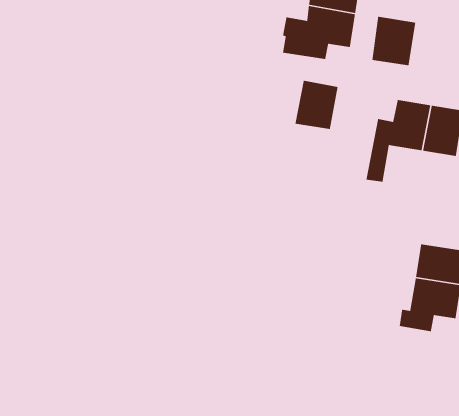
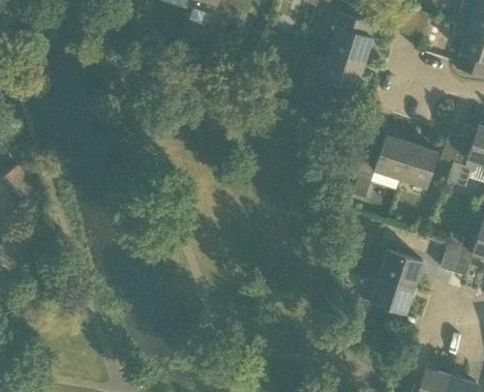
building: [371,16,416,66] -> none
building: [294,80,339,130] -> none

